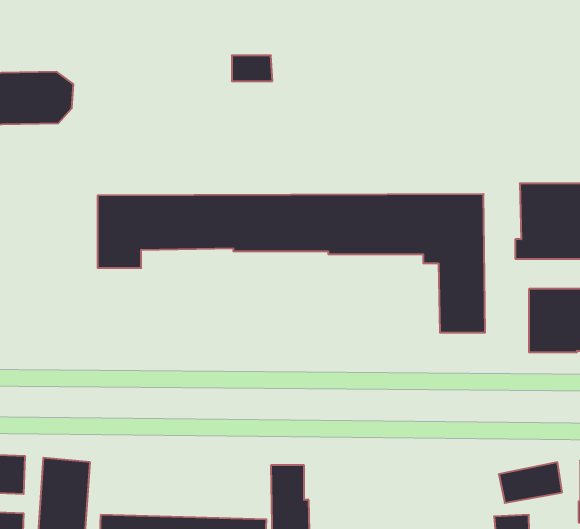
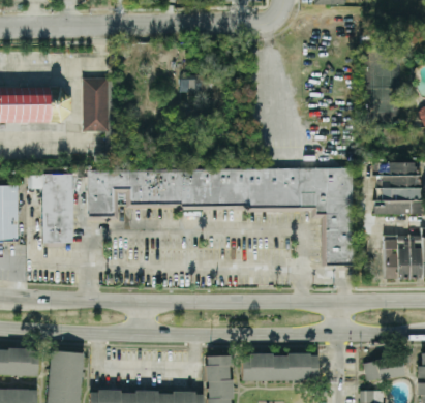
building: none -> [83,78,109,130]
building: none -> [27,174,72,246]
building: none -> [242,352,318,381]

